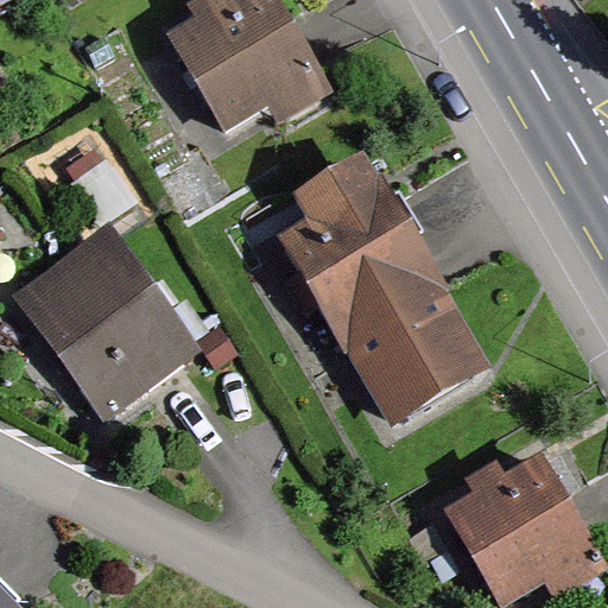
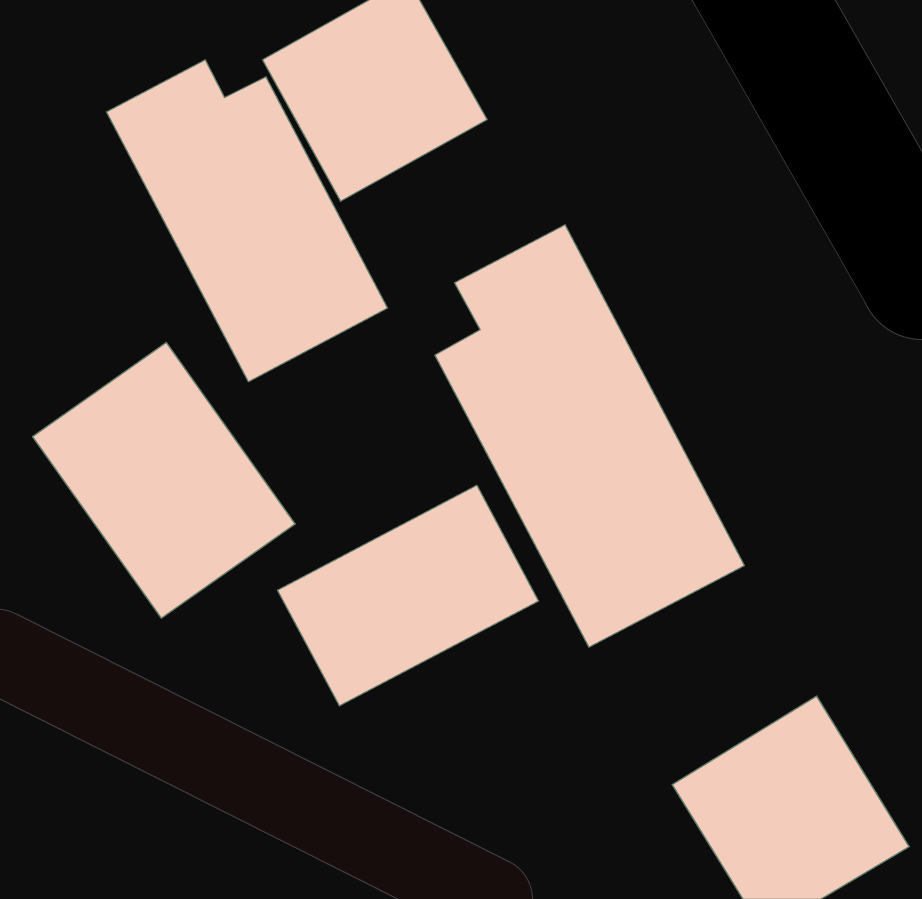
building: none -> [107,60,387,382]
building: none -> [278,485,539,706]

